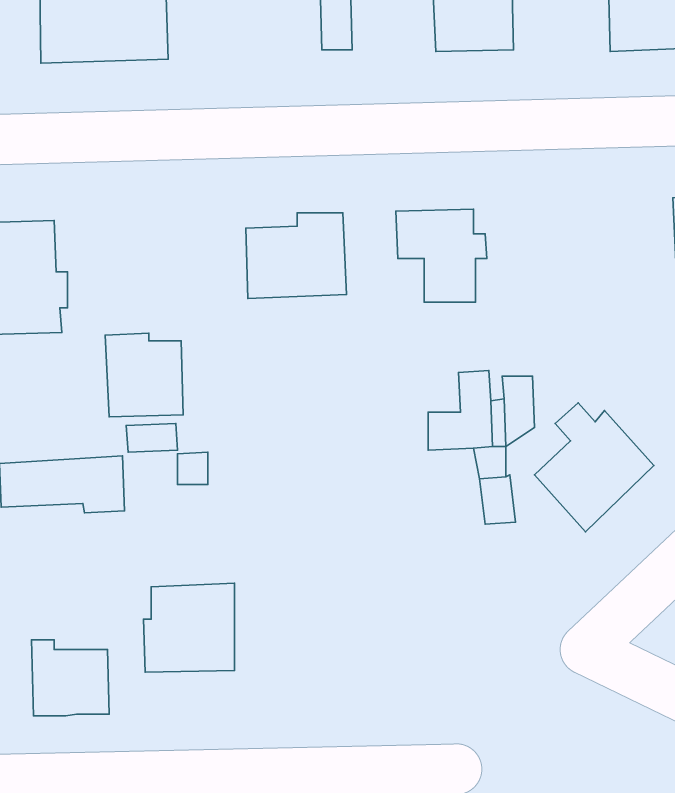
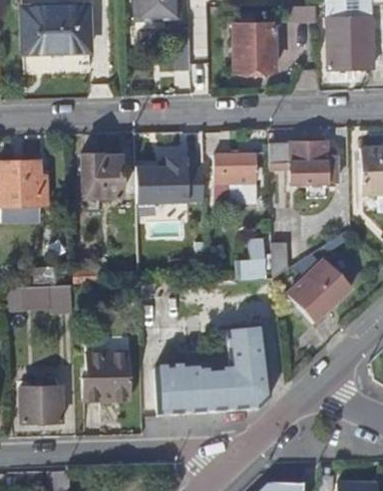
building: none -> [270,139,337,191]
building: [105,333,183,417] -> [80,149,121,193]
building: none -> [149,327,270,416]

